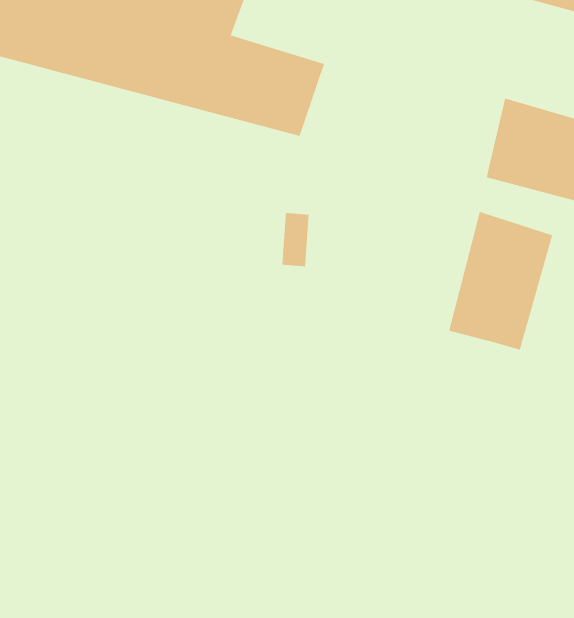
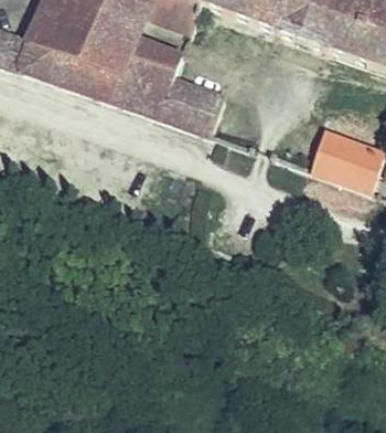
building: [449,211,553,351] -> none

